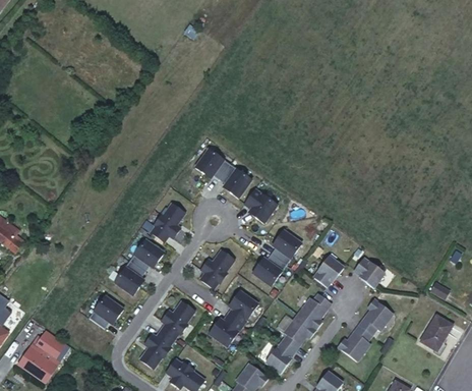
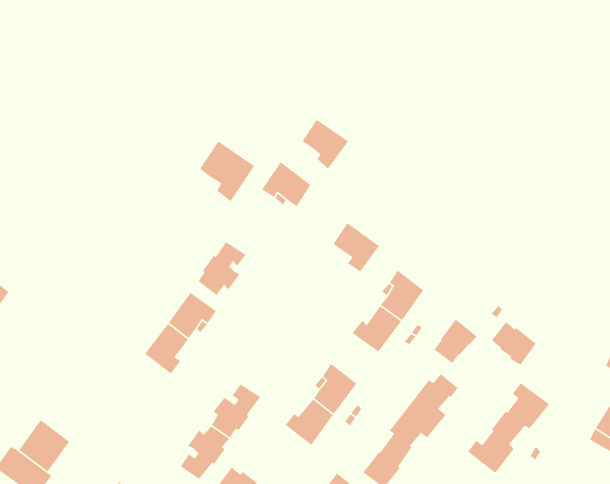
building: none -> [199,140,255,202]
building: [220,165,252,200] -> [302,119,349,169]
building: [200,252,235,290] -> none
building: [90,294,124,327] -> none

